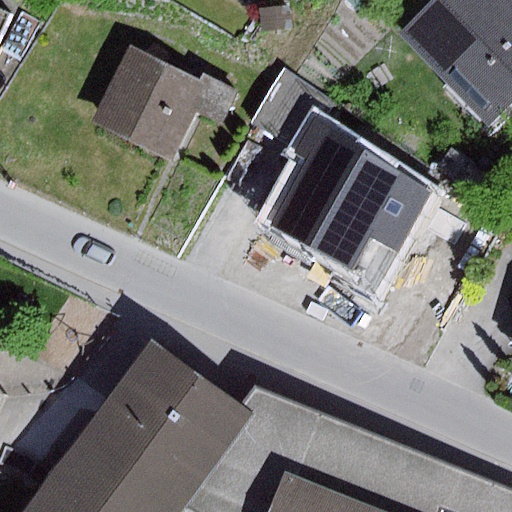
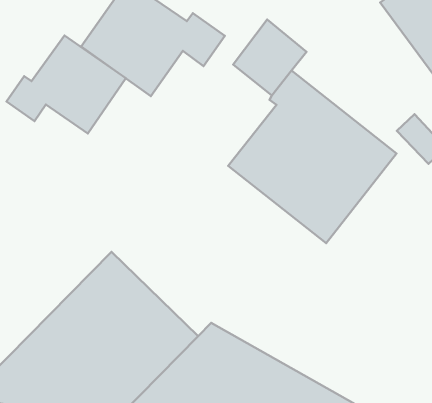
building: none -> [6,35,126,134]

